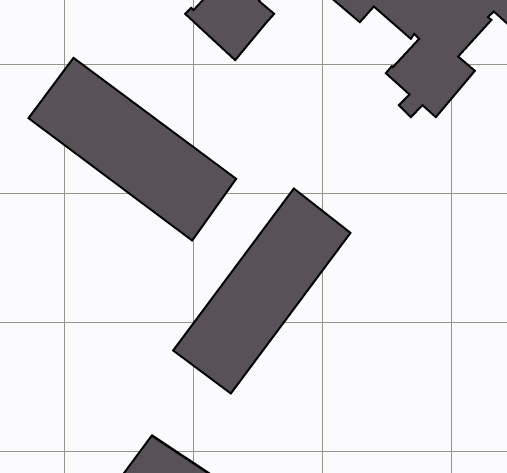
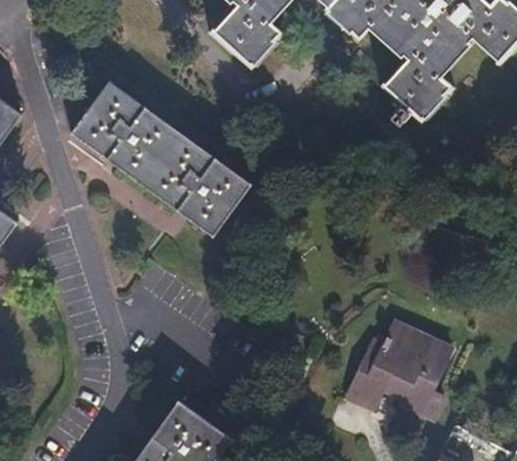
building: [173,188,350,393] -> none
building: none -> [345,329,451,427]

